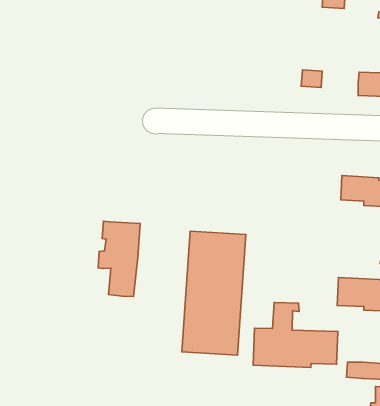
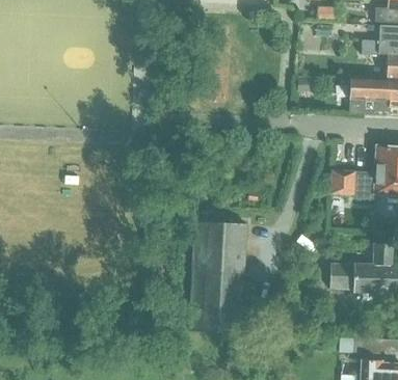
building: [98,221,140,296] -> none
building: [253,303,338,367] -> none

